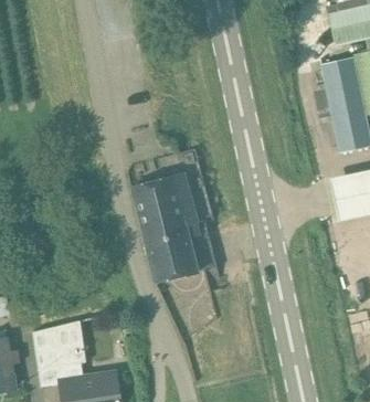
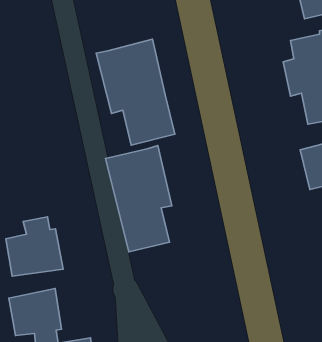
building: none -> [96,39,175,145]
building: none -> [6,217,63,276]

